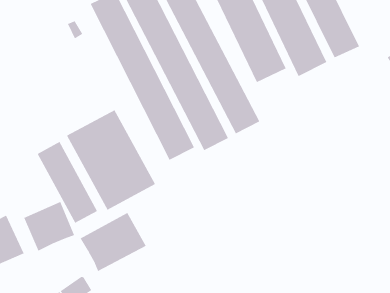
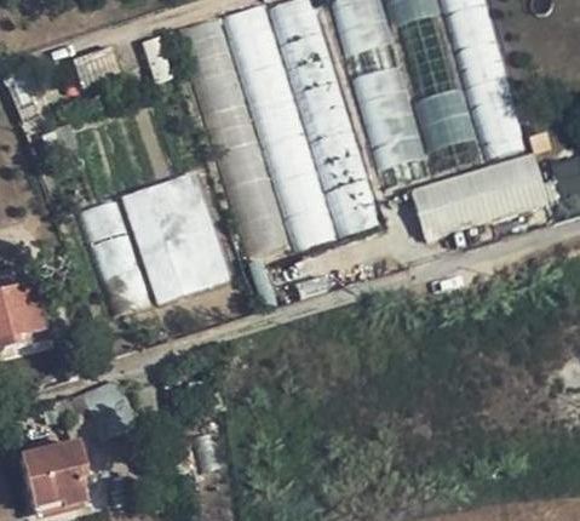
building: none -> [415,153,549,237]
building: [23,201,75,251] -> none
building: [80,212,146,272] -> none

